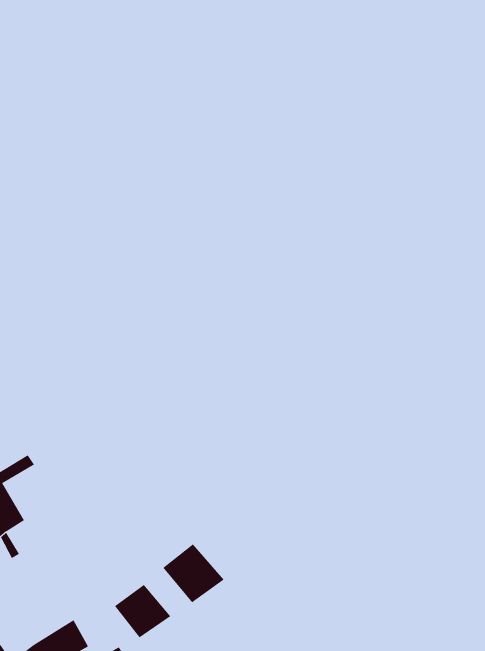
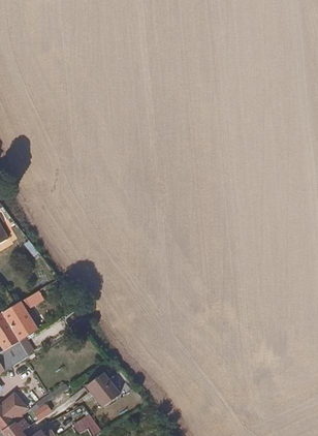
building: [162,544,224,603] -> none

